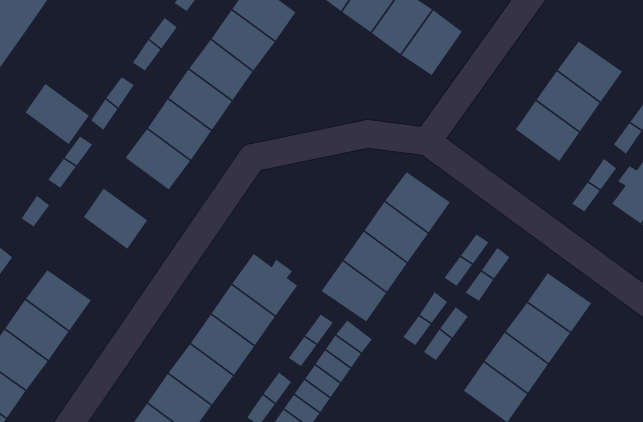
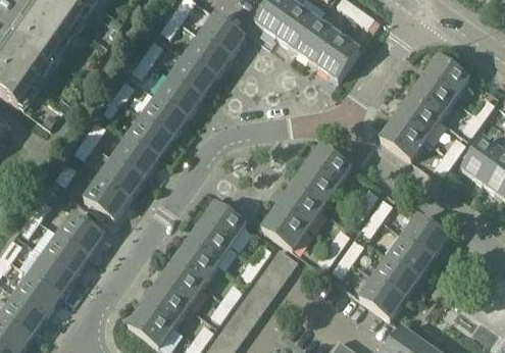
building: [24,83,90,145] -> [112,136,157,179]
building: none -> [380,116,425,159]
building: none -> [84,176,129,219]

